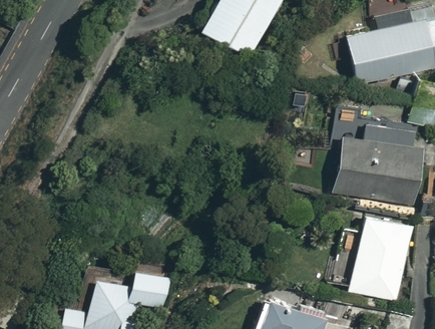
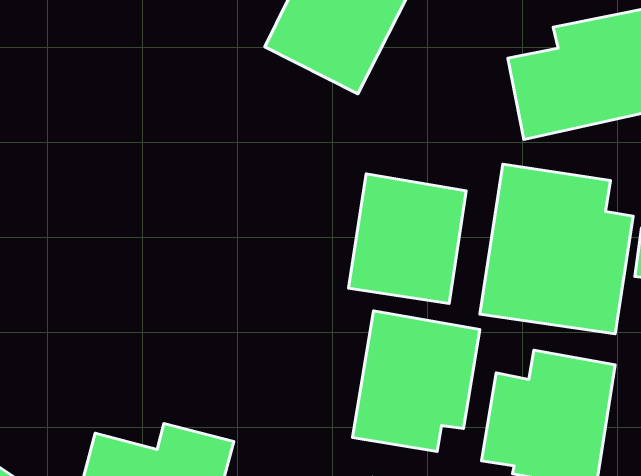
building: none -> [348,174,466,303]
building: none -> [352,311,480,452]

